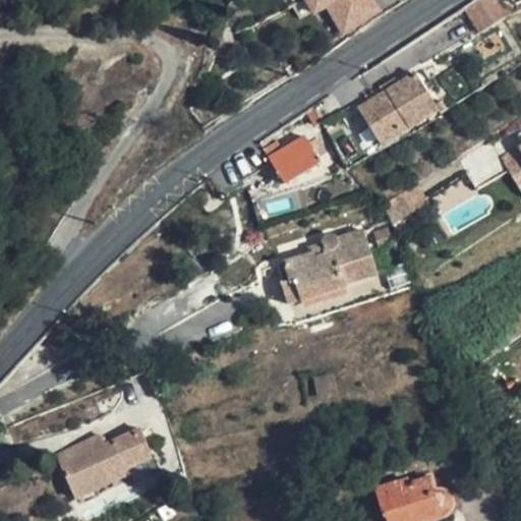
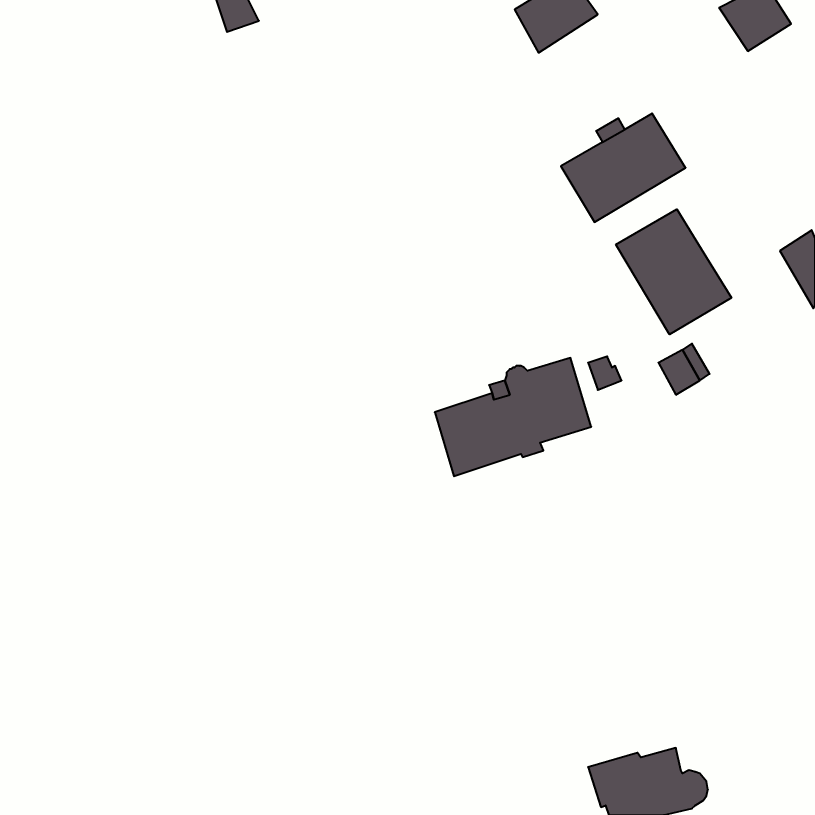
building: none -> [616,209,731,334]
building: [269,135,325,183] -> none
building: [56,429,151,499] -> none

